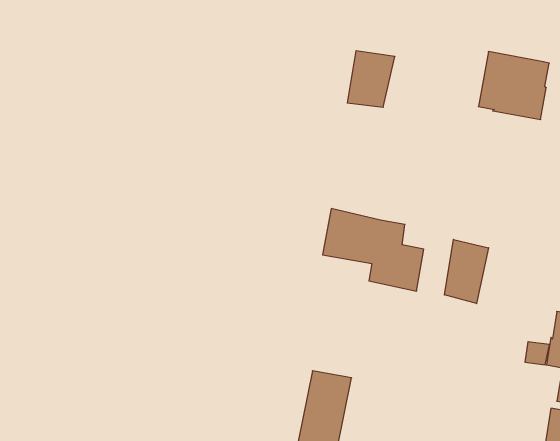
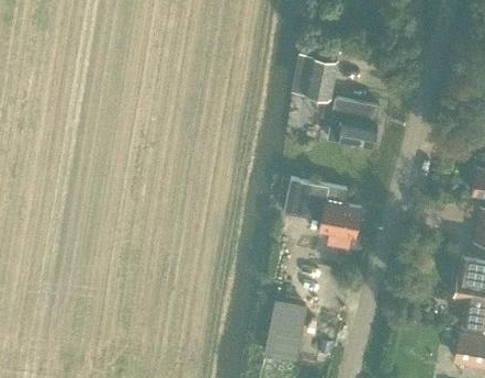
building: [478,52,549,120] -> [327,97,381,148]
building: [444,239,489,304] -> none

